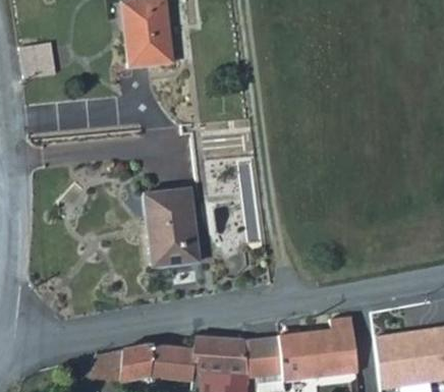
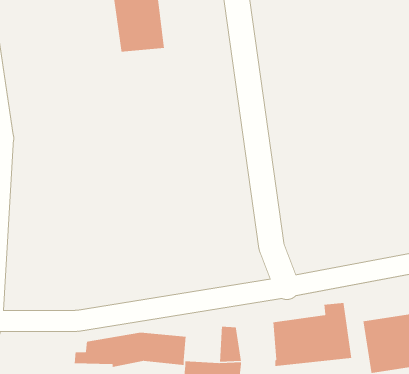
building: [21,43,56,77] -> none
building: [146,190,202,268] -> none
building: [245,336,284,378] -> none
building: [193,338,230,377] -> none

